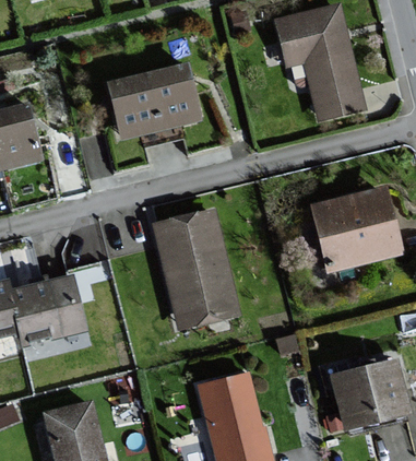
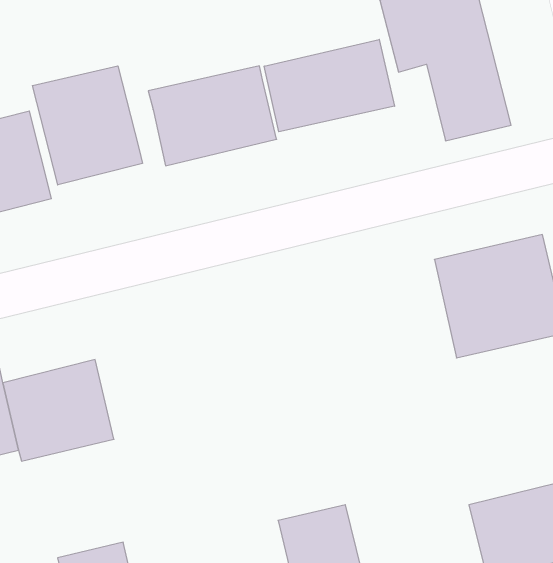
building: none -> [264,39,395,132]
building: none -> [32,66,142,185]
building: [151,208,239,330] -> none

